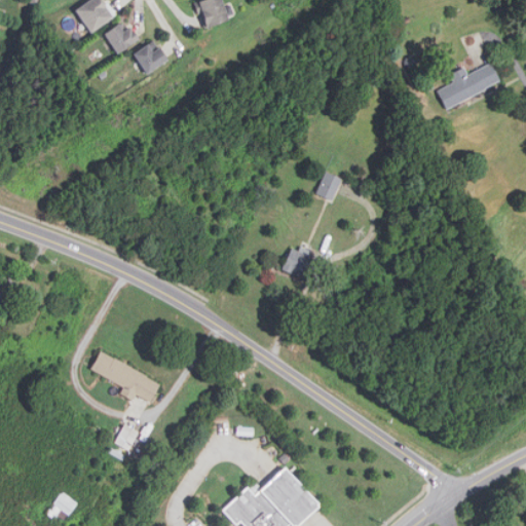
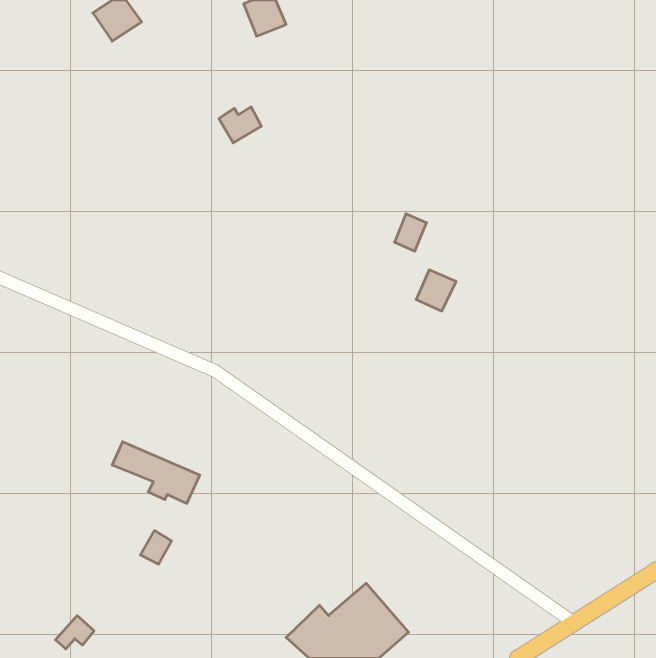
building: [104,25,138,53] -> none
building: [134,45,167,74] -> [219,107,261,143]
building: [436,64,499,108] -> none
building: [280,245,312,277] -> [416,270,456,311]

